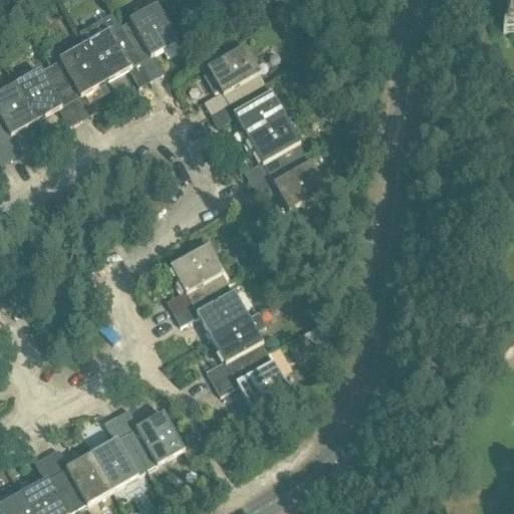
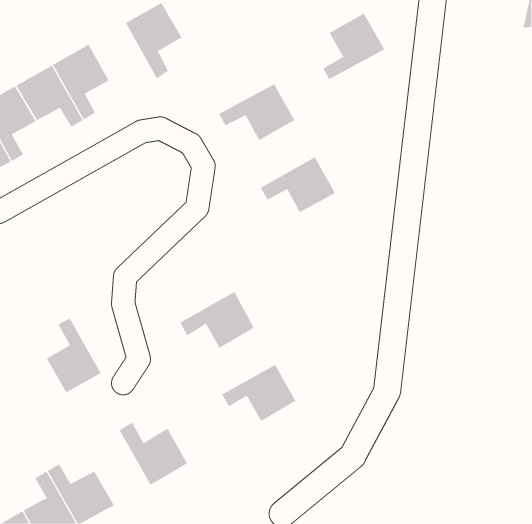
building: [85,22,151,82] -> none
building: [204,45,264,109] -> [323,13,385,80]
building: [243,115,303,181] -> none
building: [166,235,226,310] -> none
building: [206,309,265,379] -> none
building: [91,414,145,486] -> [46,318,101,393]

